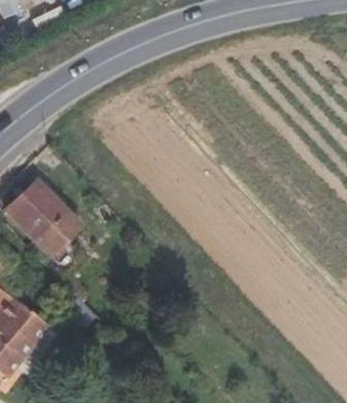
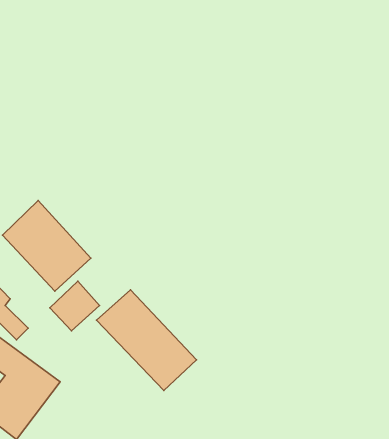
building: none -> [97,290,196,390]

